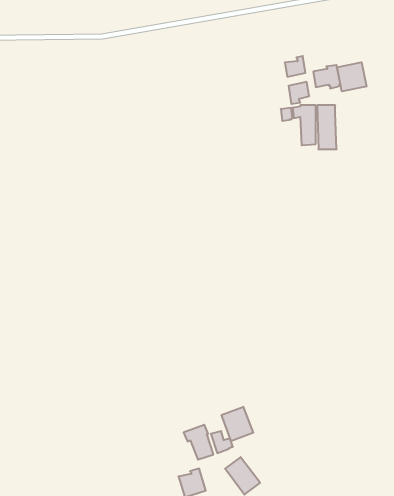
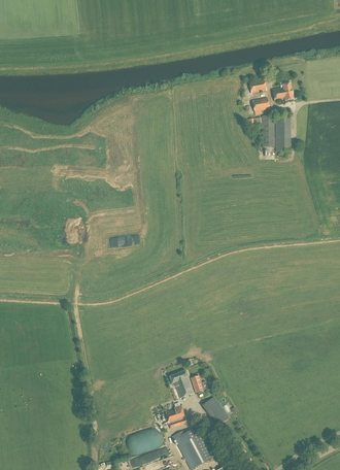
building: [337,62,366,91] -> none
building: [222,407,253,441] -> none

